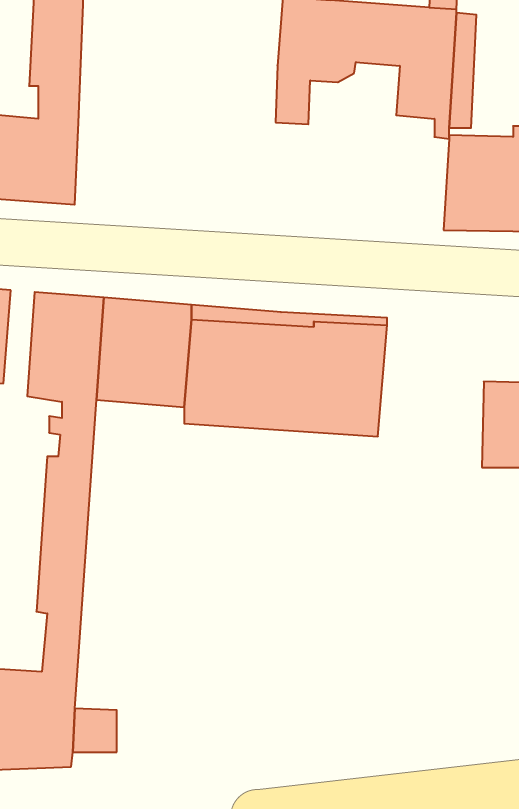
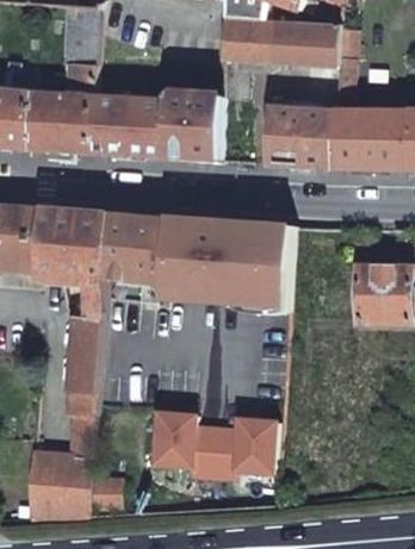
building: none -> [89,94,221,161]
building: none -> [265,105,334,168]
building: none -> [148,413,279,479]

